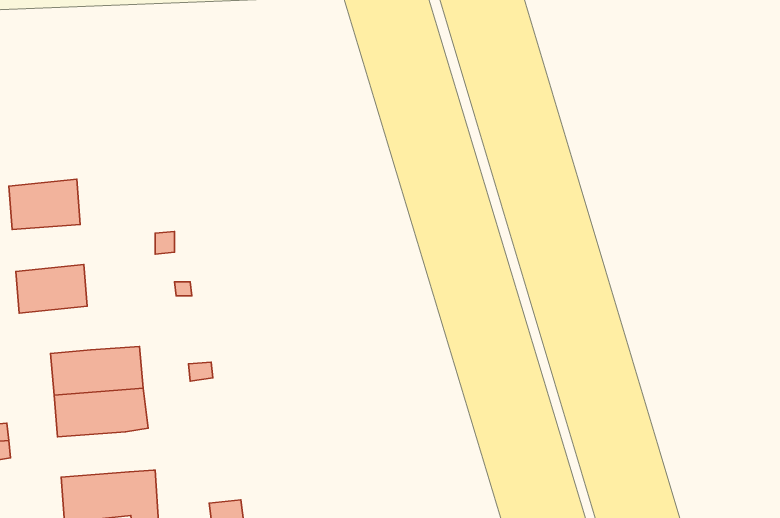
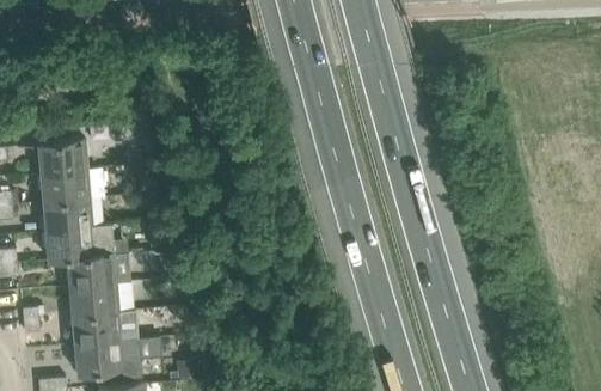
building: none -> [41,169,104,203]
building: none -> [45,227,94,261]
building: none -> [72,313,121,344]

